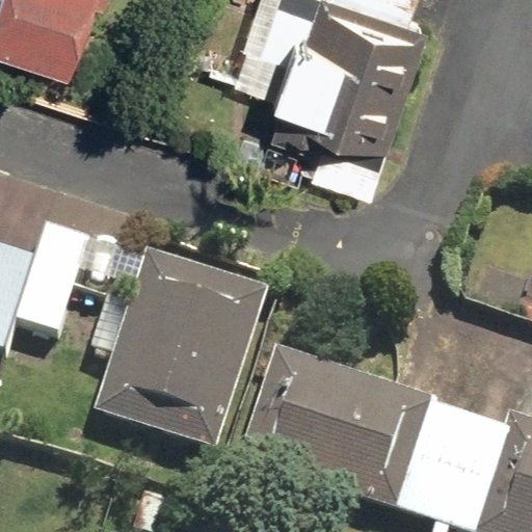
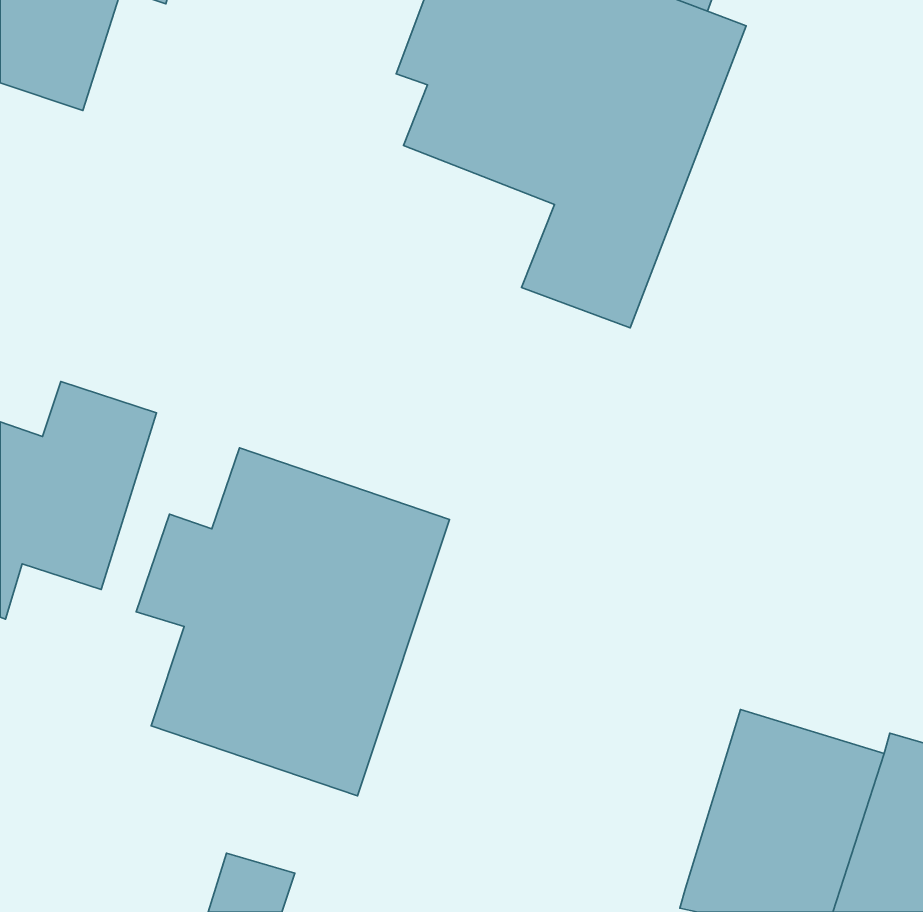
building: [242,344,430,501] -> none

